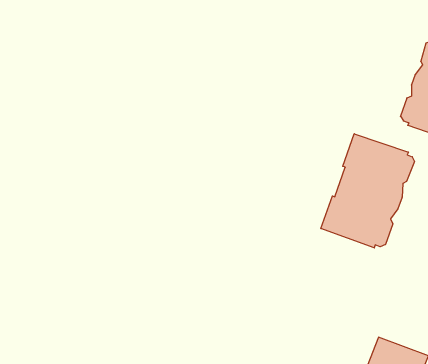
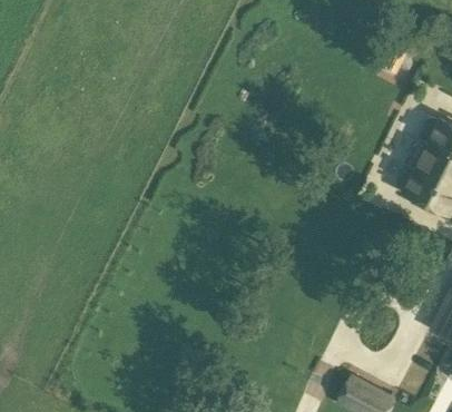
building: [321,134,415,248] -> none

